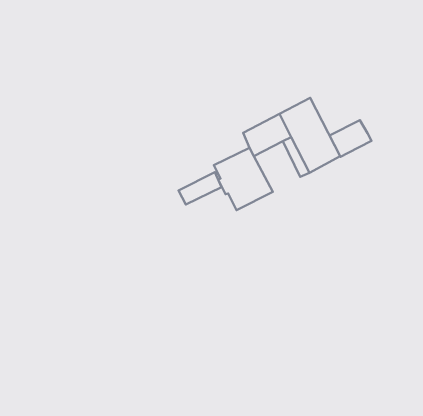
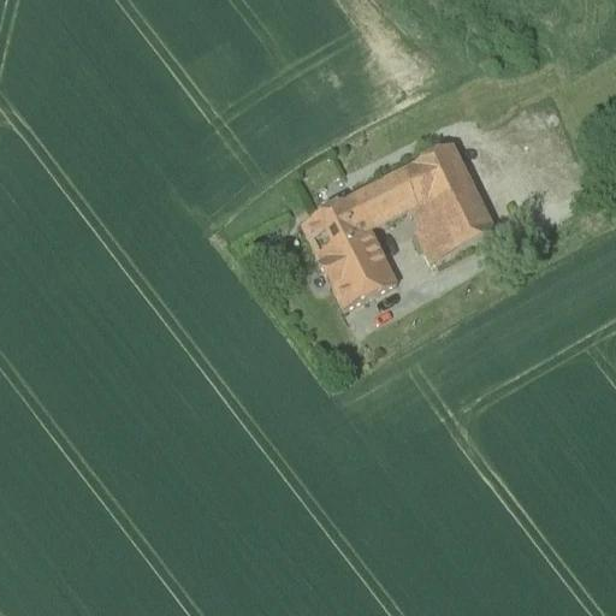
building: [329,120,371,157] -> none
building: [178,172,222,205] -> [301,192,363,239]

